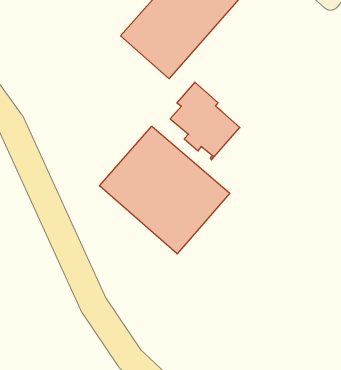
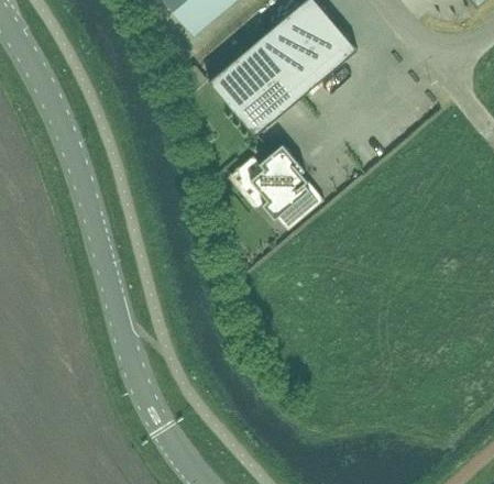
building: [99,126,230,254] -> none

